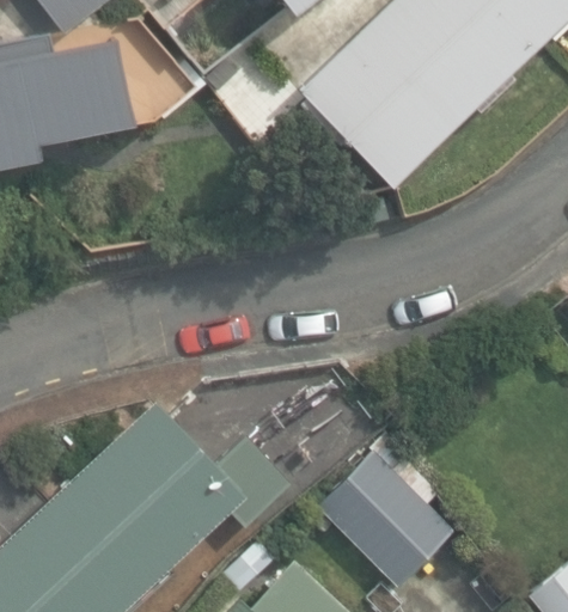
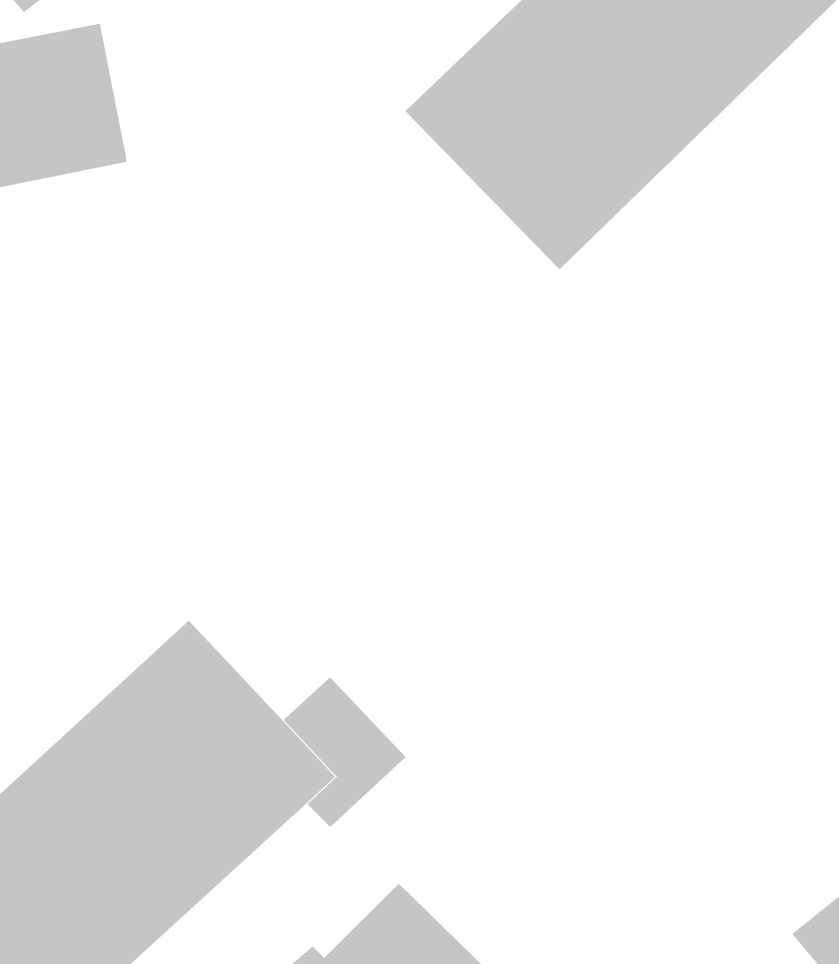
building: [317,439,454,588] -> none

